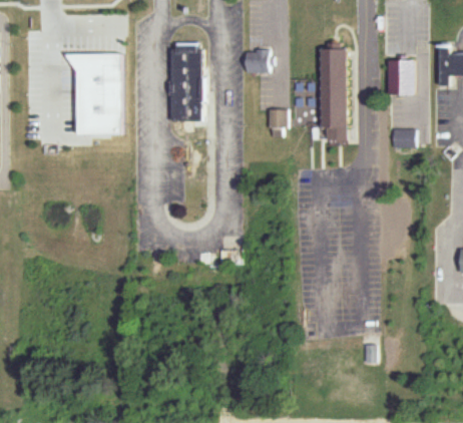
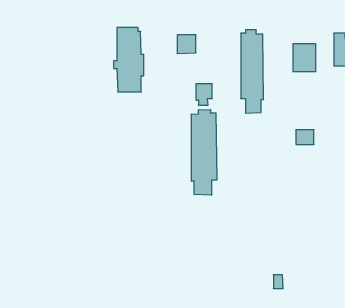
building: [66,52,120,131] -> none
building: [391,129,413,147] -> [296,130,314,144]
building: none -> [191,110,217,195]

